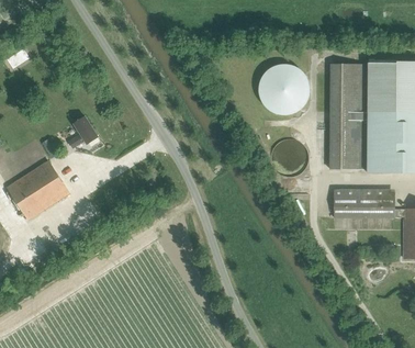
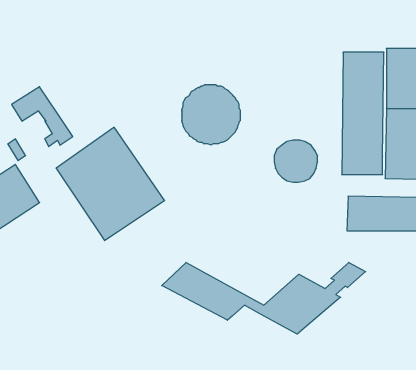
building: [258,64,309,115] -> [182,85,240,145]
building: none -> [56,127,165,241]
building: none -> [162,262,366,334]

